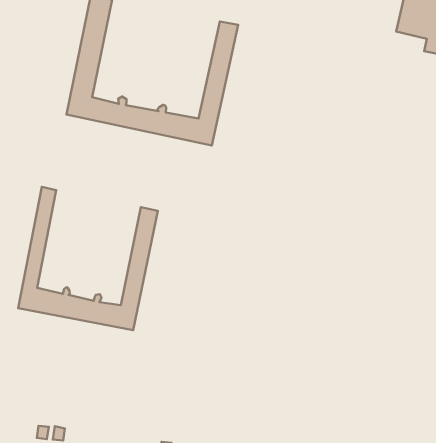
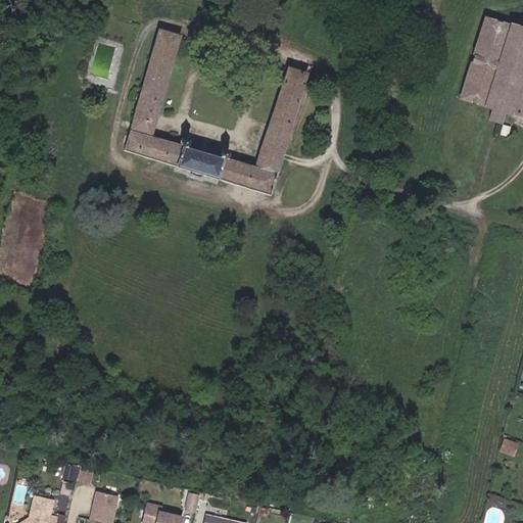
building: [18,187,158,330] -> none

